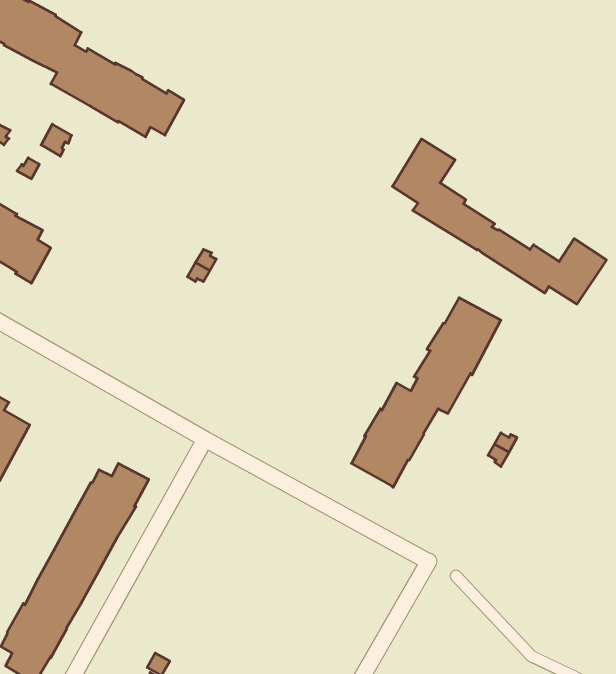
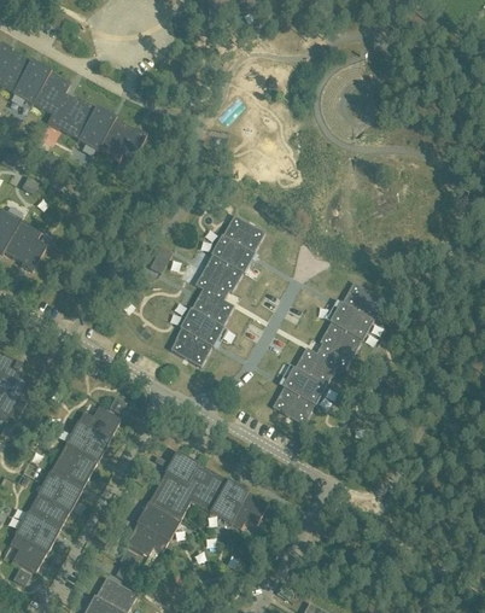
building: [392,139,606,304] -> none
building: none -> [169,215,264,367]
building: none -> [124,450,268,556]

